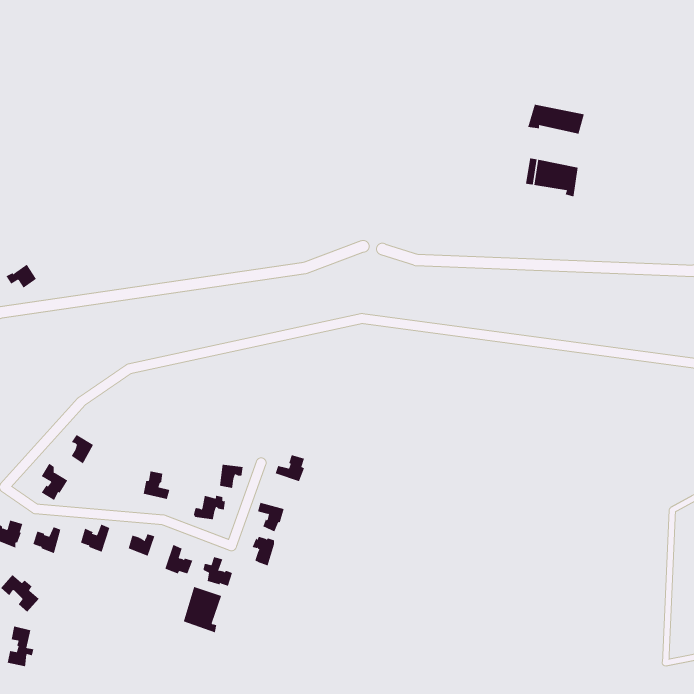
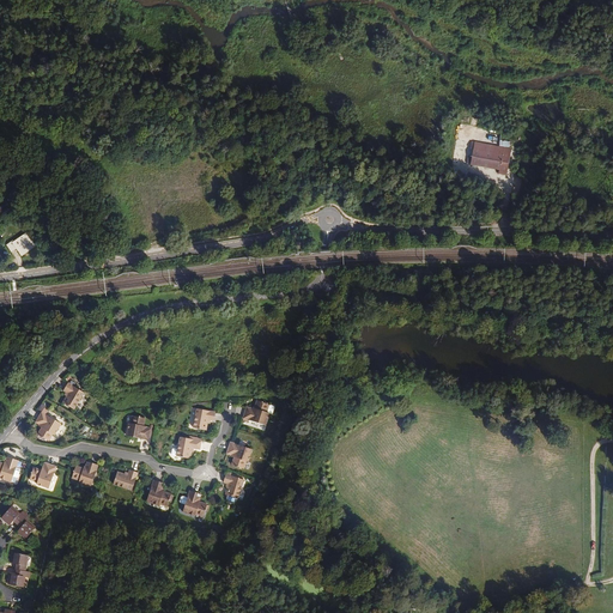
building: [528,104,584,134] -> none
building: [183,586,222,633] -> none

